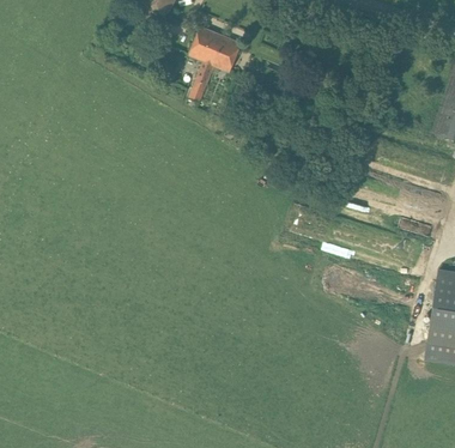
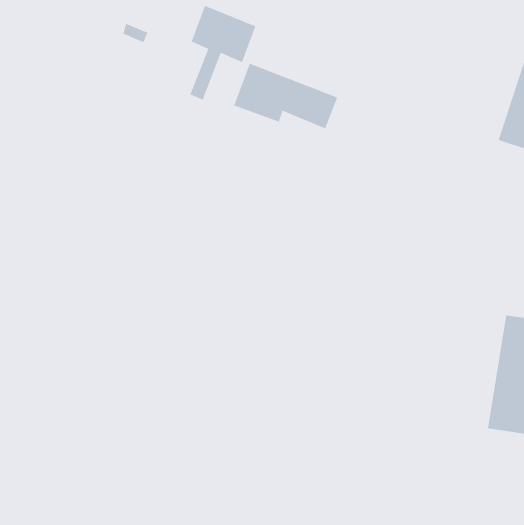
building: none -> [233,63,338,129]

